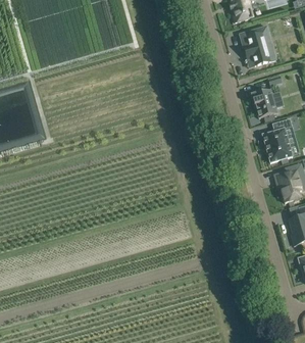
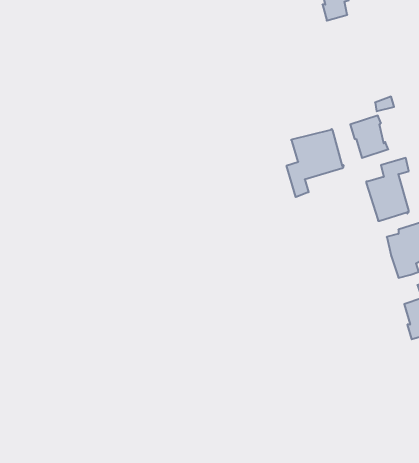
building: [245,24,270,63] -> none
building: none -> [287,129,343,197]

